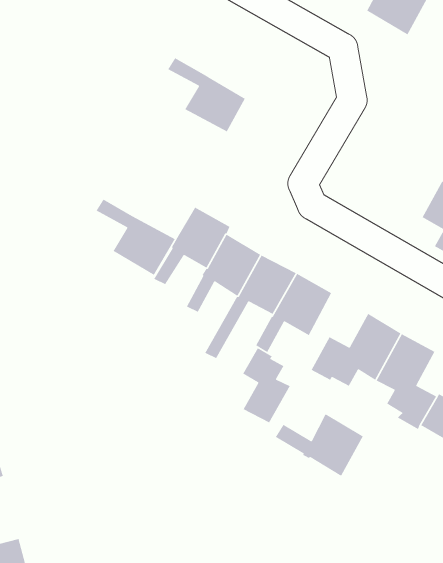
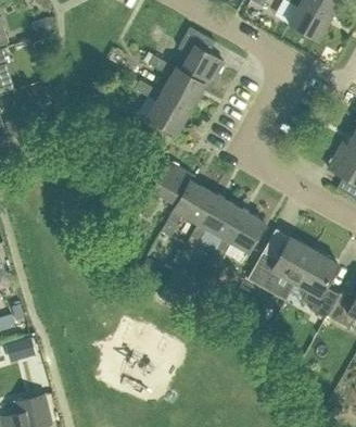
building: none -> [177,27,223,88]
building: [96,199,176,276] -> [134,80,190,135]
building: [242,347,291,424] -> none
building: [275,414,364,476] -> none

